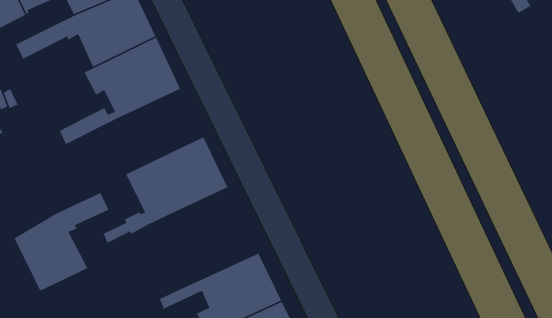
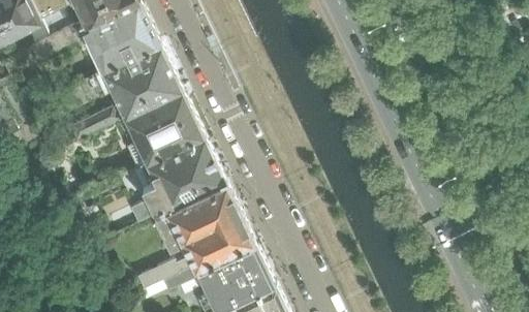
building: none -> [122,88,201,164]
building: none -> [136,179,252,288]
building: [13,192,109,292] -> none

